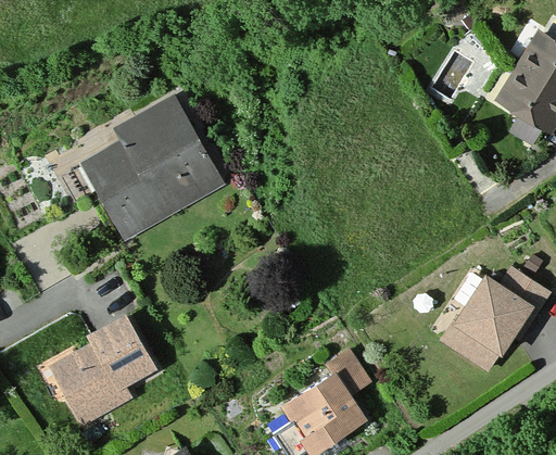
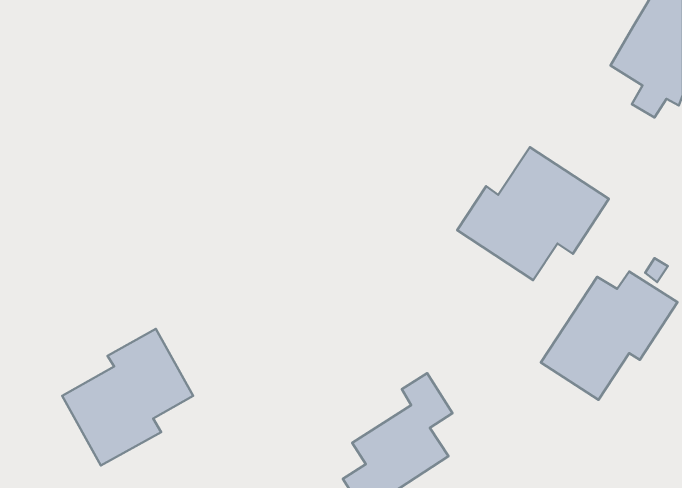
building: [84,94,226,240] -> none
building: none -> [457,147,609,280]

